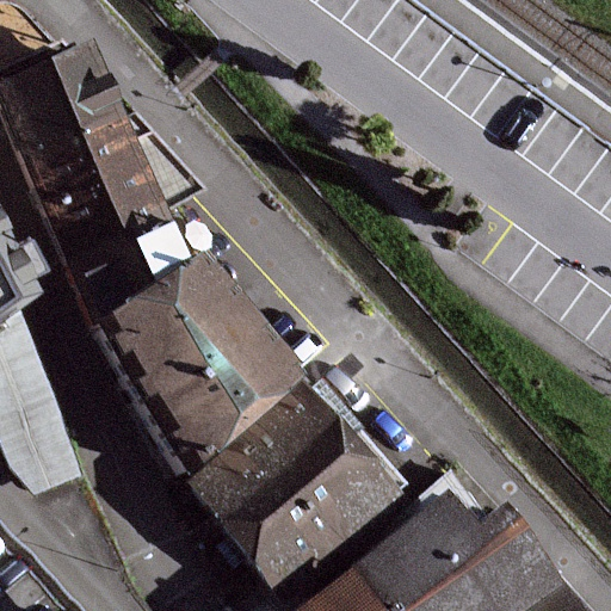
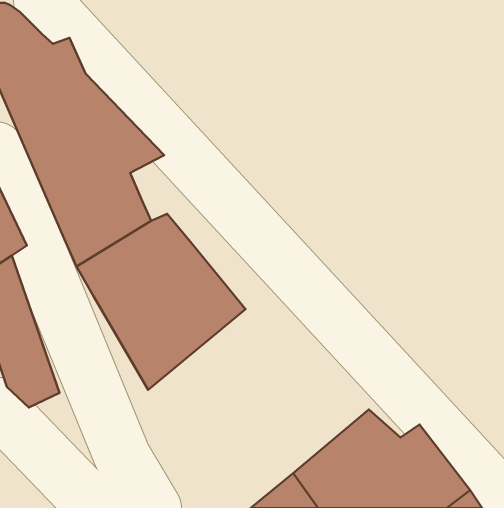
building: [191,388,394,582] -> none

